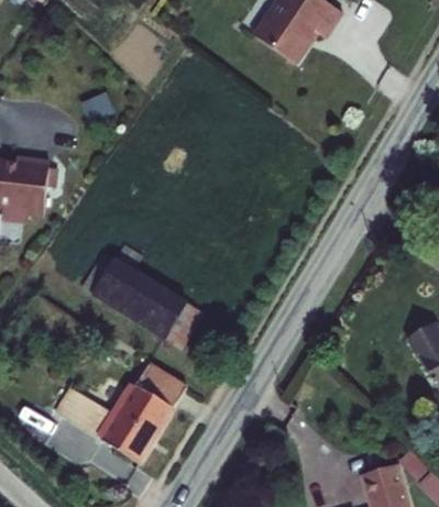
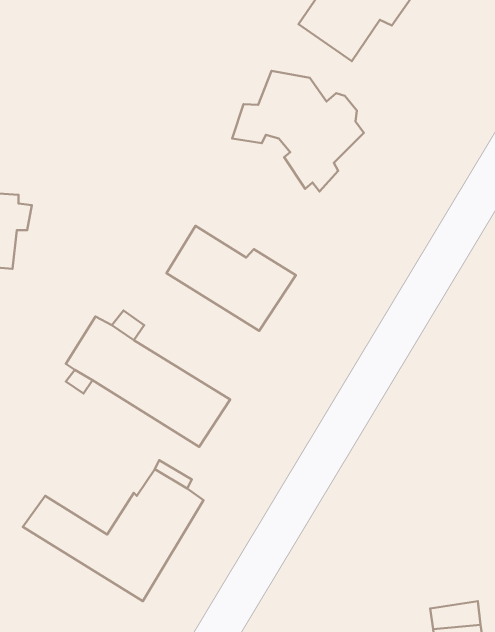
building: none -> [232,71,364,192]
building: none -> [167,226,296,331]

